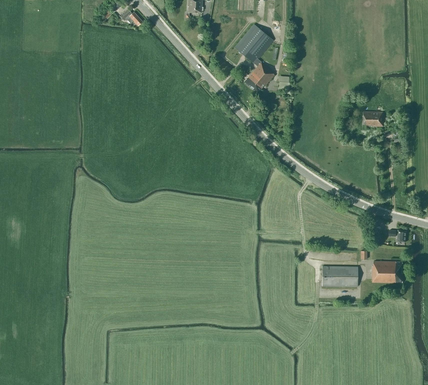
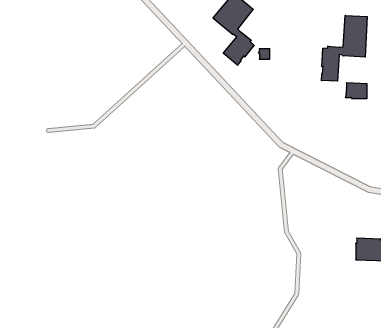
building: none -> [321,15,367,81]
building: [321,266,356,287] -> none

